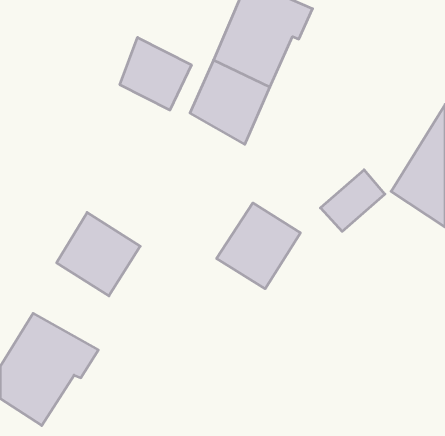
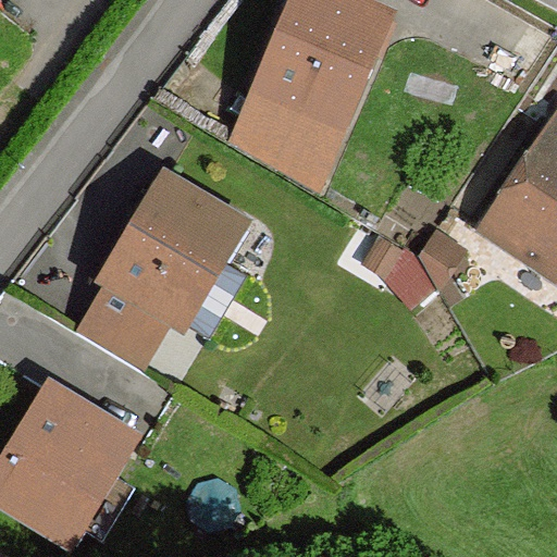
building: [120,37,191,110] -> none
building: none -> [109,171,247,330]
building: [217,203,300,289] -> none

